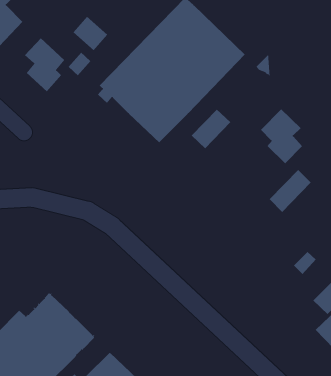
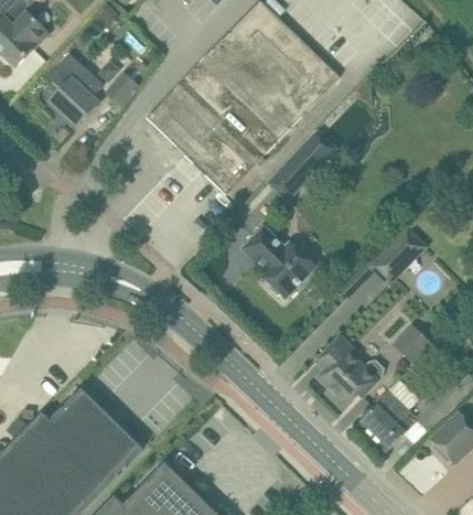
building: [73,16,108,51] -> none
building: [260,109,303,164] -> none
building: none -> [241,226,314,298]
building: none -> [314,335,381,409]
building: none -> [357,380,417,451]

